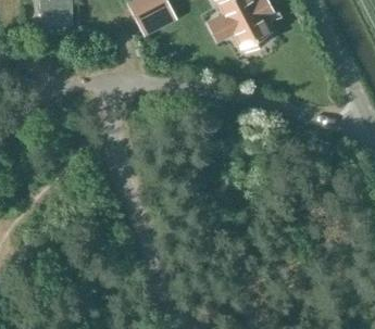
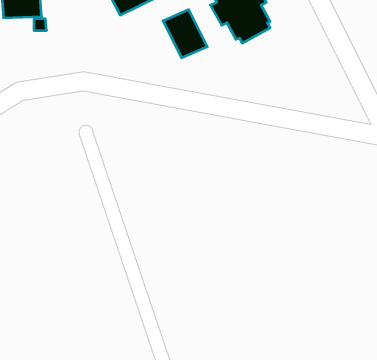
building: none -> [163,10,207,58]

